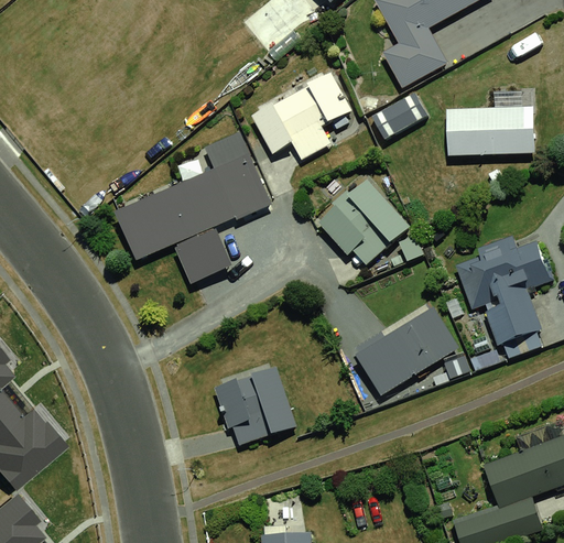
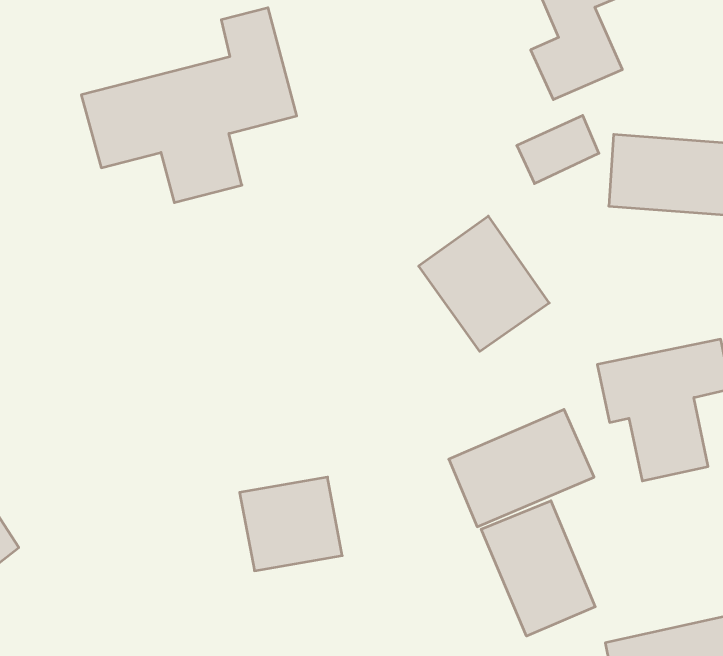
building: [251,72,356,159] -> none
building: [116,135,269,280] -> [81,8,297,203]
building: none -> [481,501,595,636]

